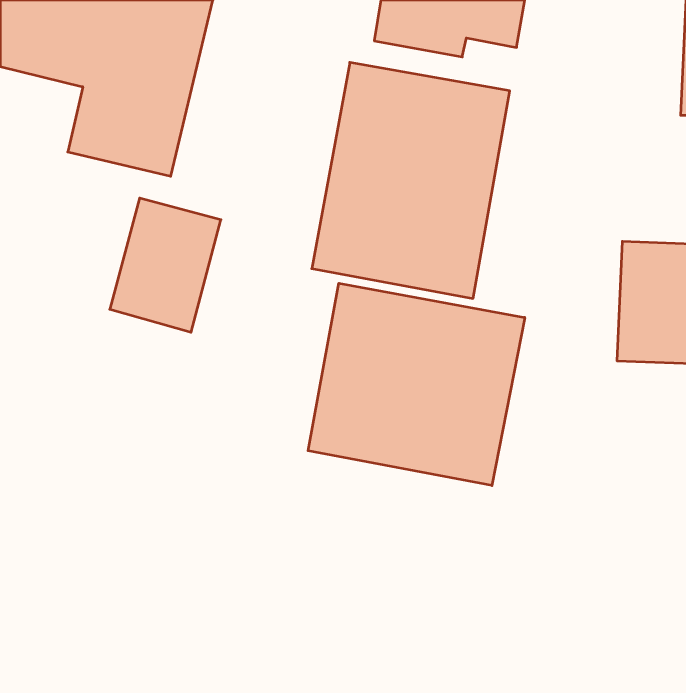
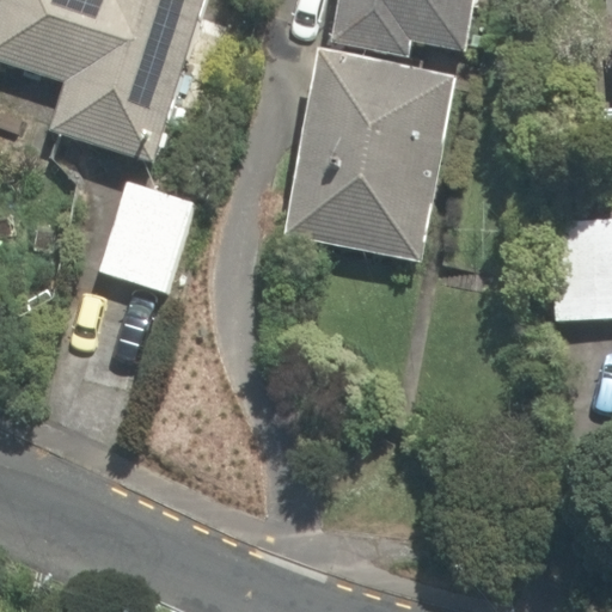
building: [308,283,525,486] -> none

